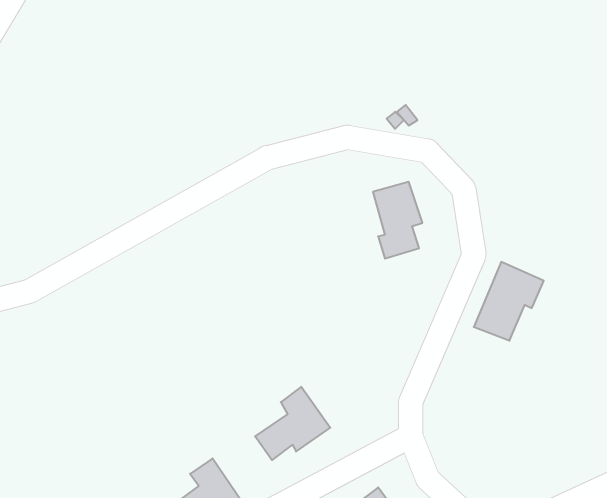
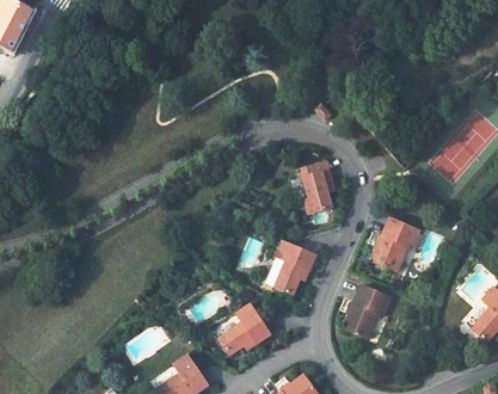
building: none -> [273,240,315,295]
building: none -> [342,284,391,339]

